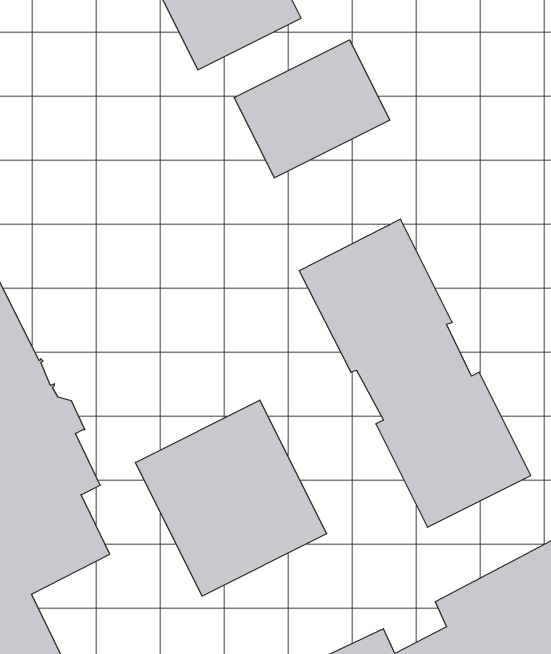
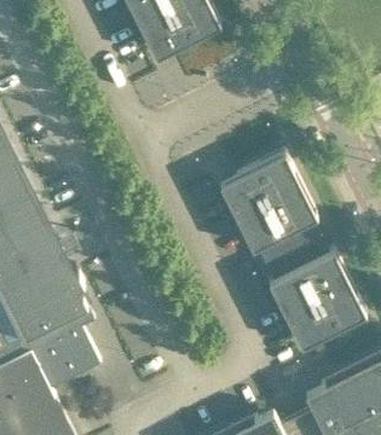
building: [234,40,390,178] -> none
building: [135,400,327,596] -> none

